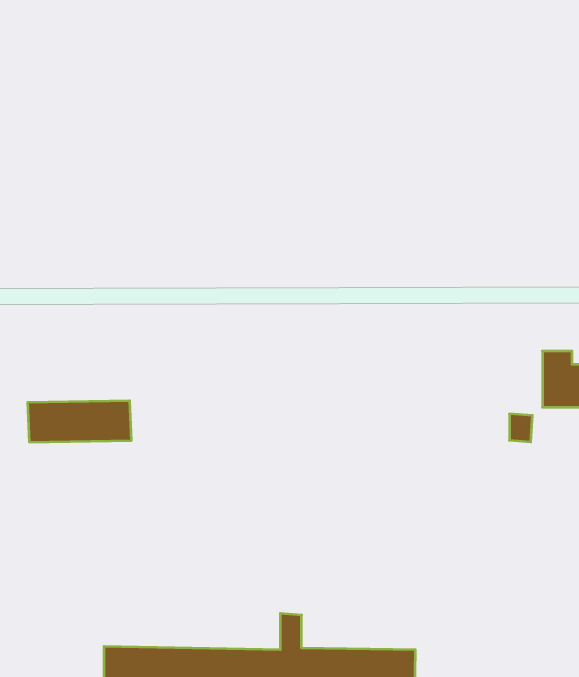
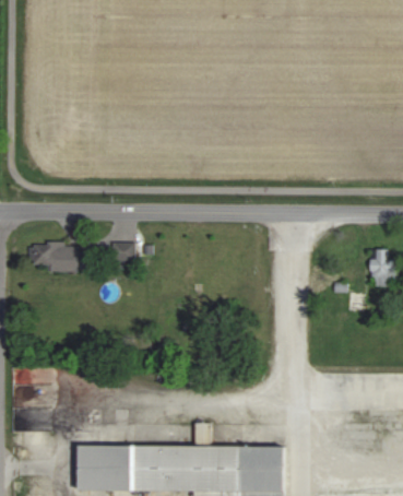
building: none -> [110,241,134,263]
building: [28,401,131,442] -> [27,243,96,270]

